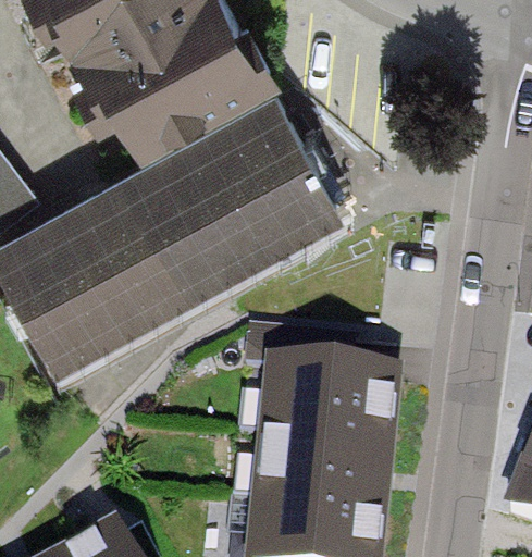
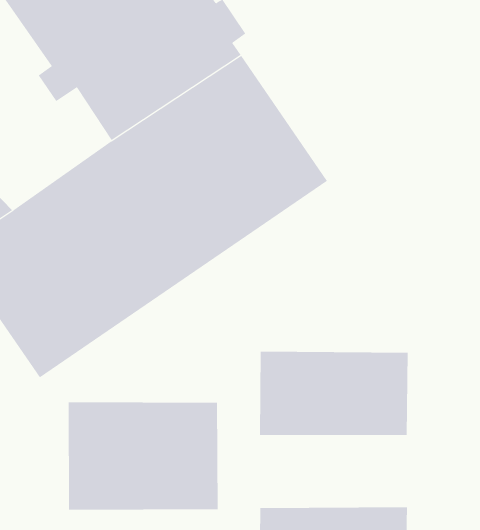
building: none -> [68,401,218,510]
building: [248,447,393,528] -> none

